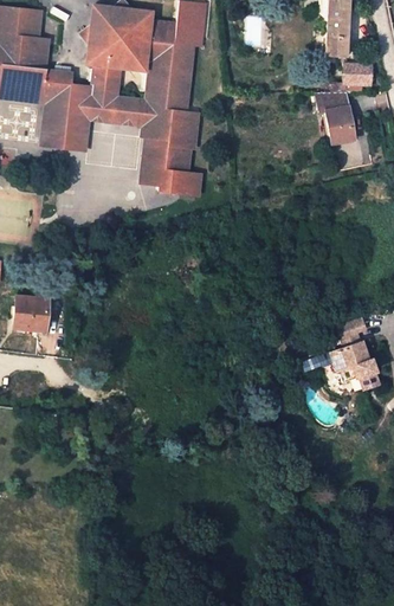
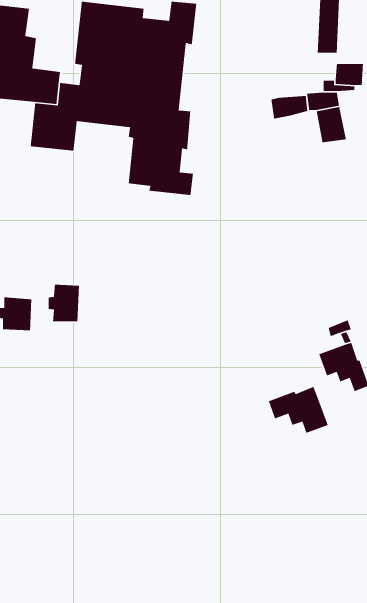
building: none -> [271,95,308,120]
building: none -> [48,284,80,322]
building: none -> [268,386,329,434]

